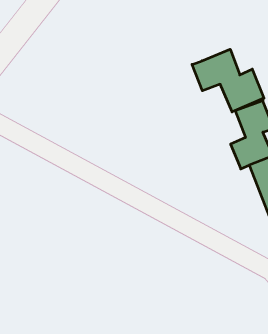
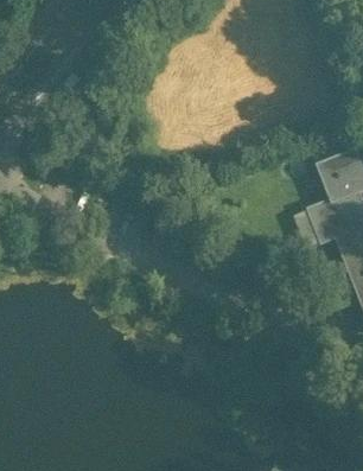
building: [192,49,264,112] -> none

